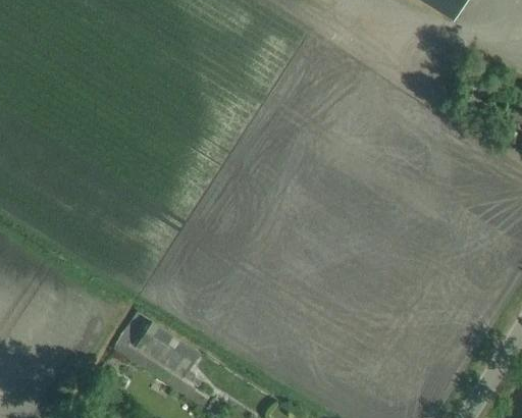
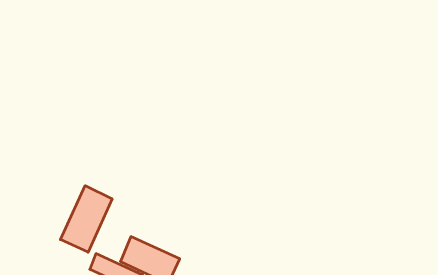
building: none -> [60,186,112,252]

